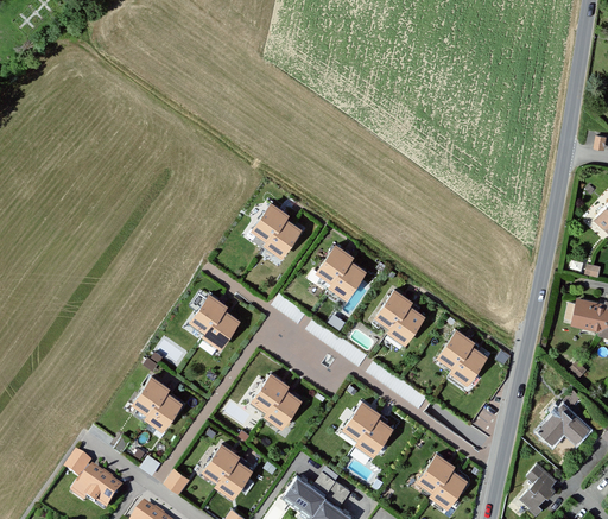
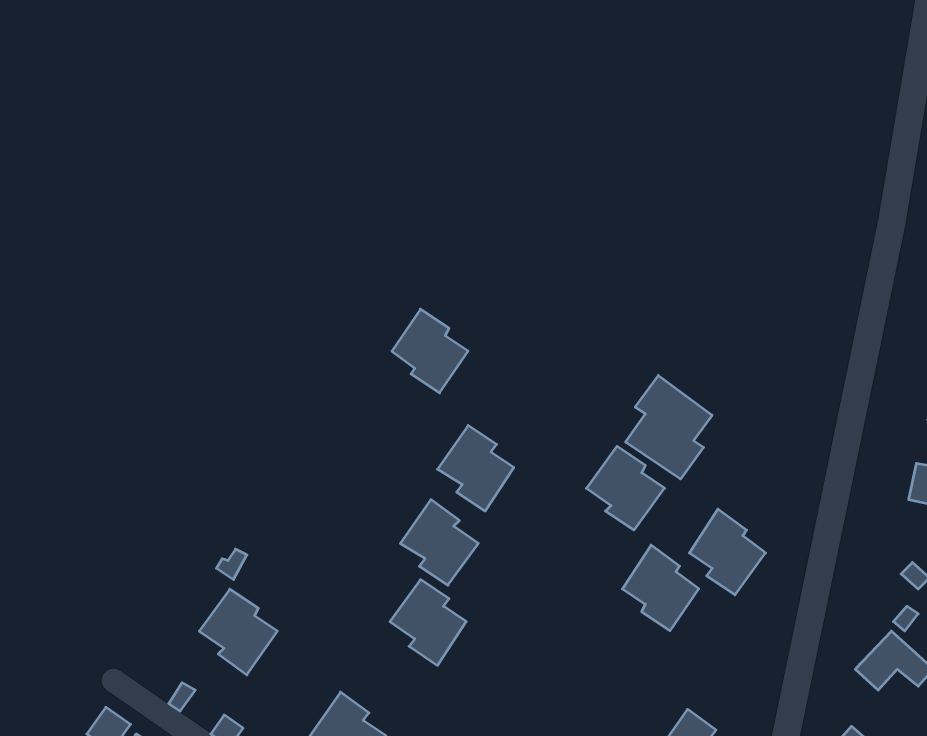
building: none -> [626,375,712,479]
building: [317,246,365,299] -> [437,425,514,511]
building: [190,295,239,348] -> [400,500,478,585]
building: [344,401,392,455] -> [622,545,699,631]

